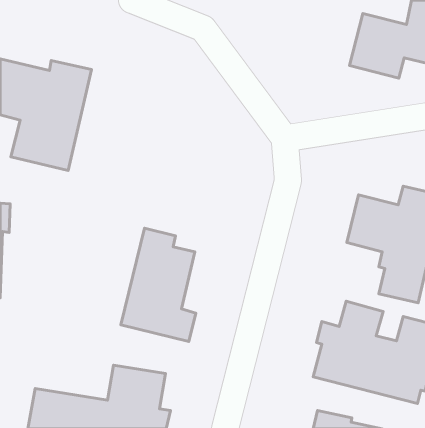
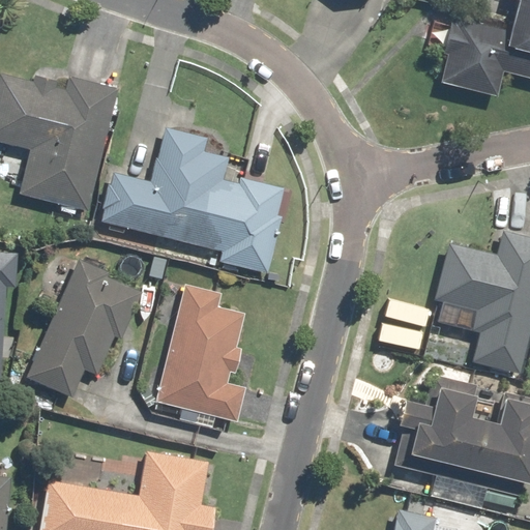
building: none -> [101,126,289,273]
building: none -> [26,258,142,398]

